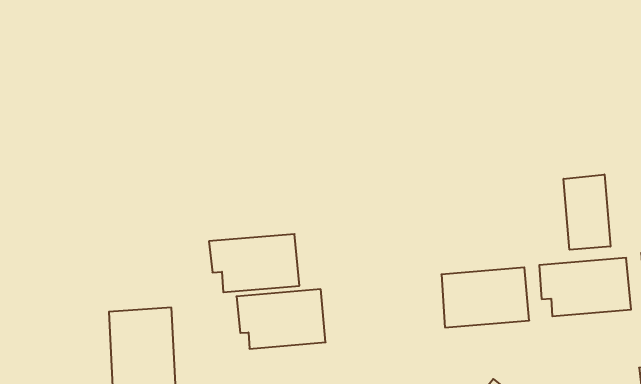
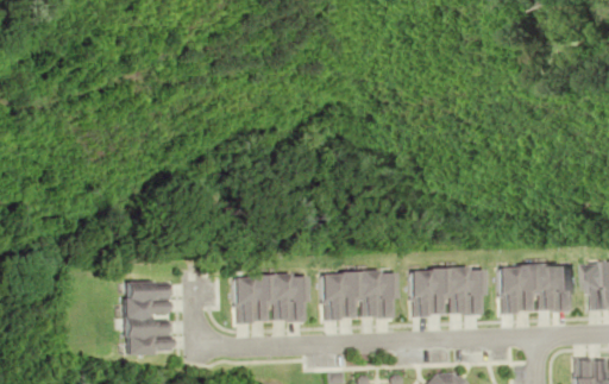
building: [564,174,610,250] -> none
building: [209,234,299,292] -> [319,272,395,319]

